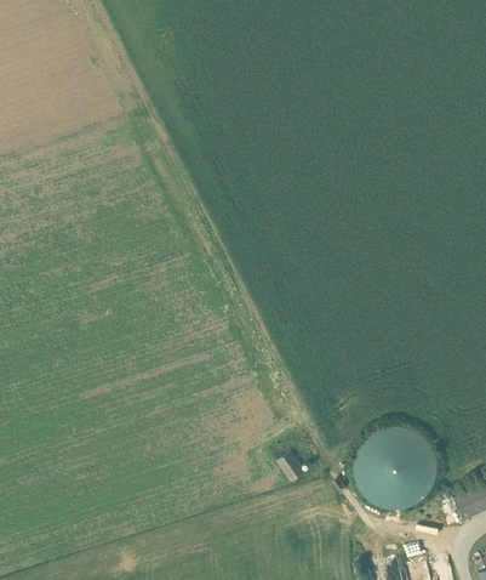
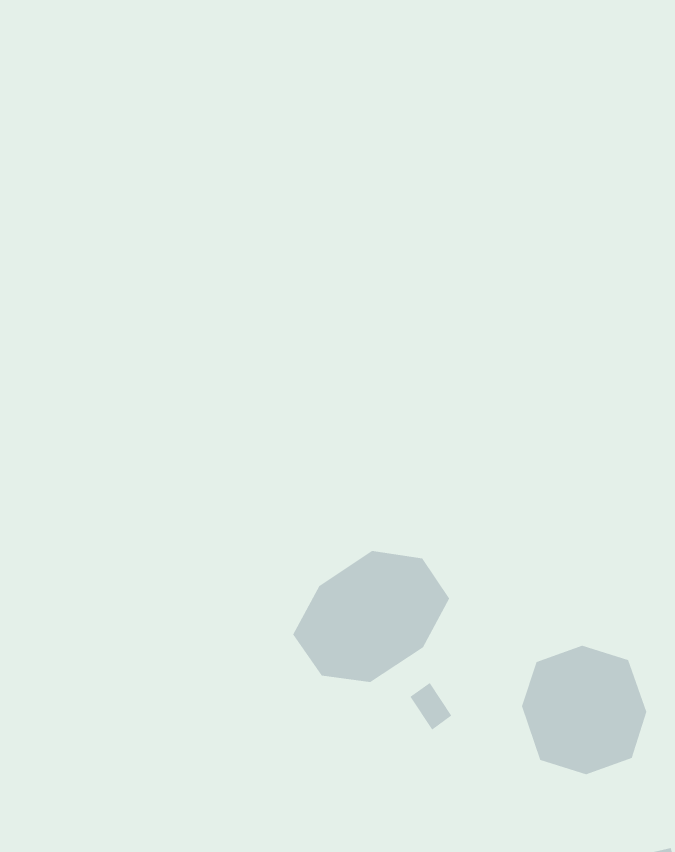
building: none -> [293,550,450,683]

